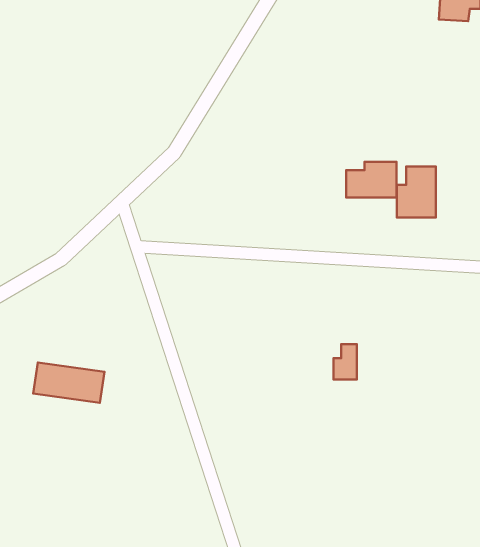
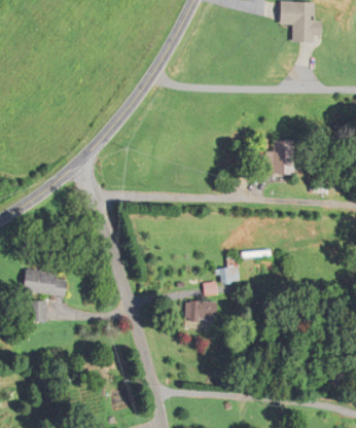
building: [346,162,396,198] -> none
building: none -> [183,300,209,321]

